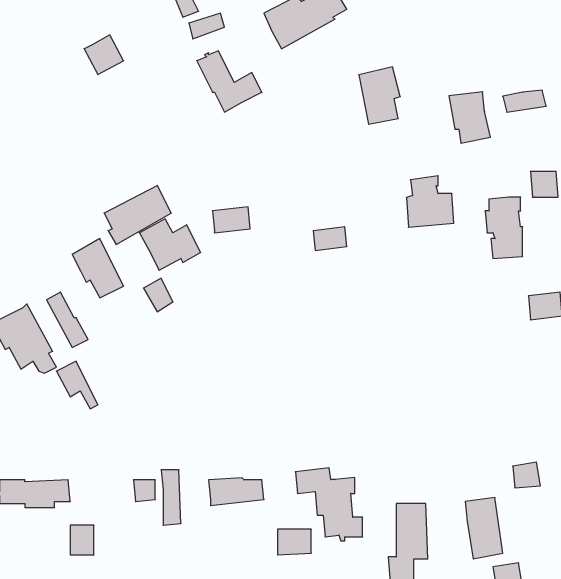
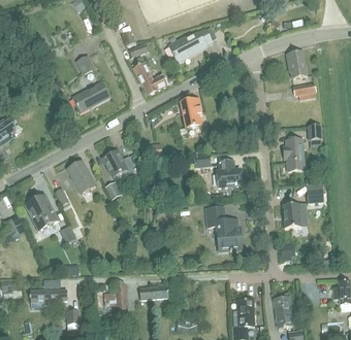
building: [359,67,400,124] -> [180,97,201,127]
building: [449,92,490,143] -> [285,50,307,77]
building: [406,176,454,227] -> [216,159,241,185]
building: [104,185,171,245] -> [73,80,108,111]
building: none -> [282,202,300,227]
building: [295,468,363,541] -> [205,212,241,250]

